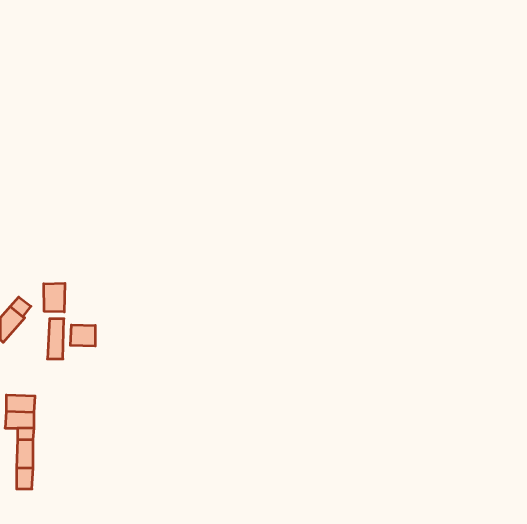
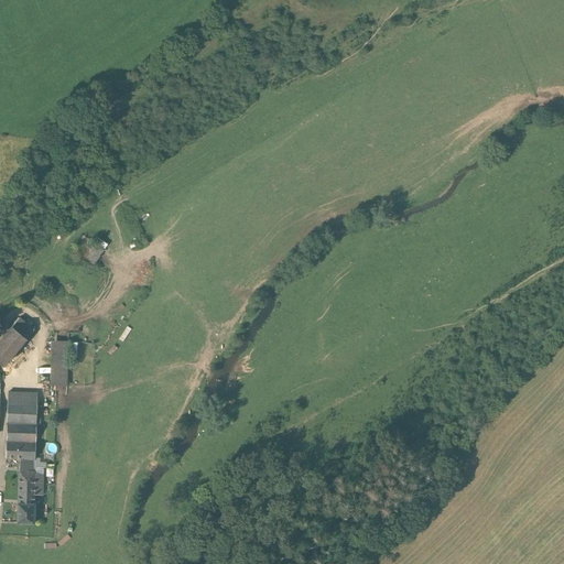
building: [44,283,65,312] -> none
building: [70,325,95,346] -> none
building: none -> [7,388,39,423]

